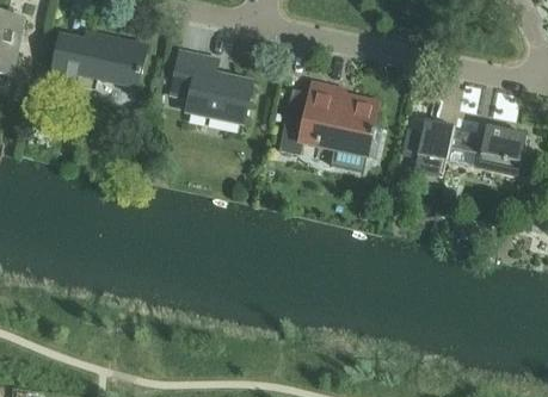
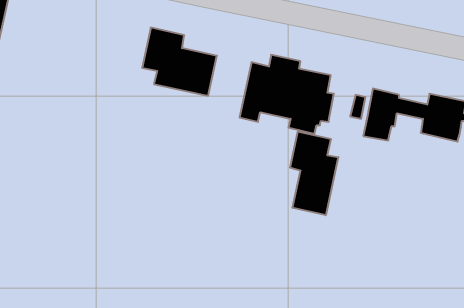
building: [51,31,147,89] -> none
building: none -> [290,132,338,215]

